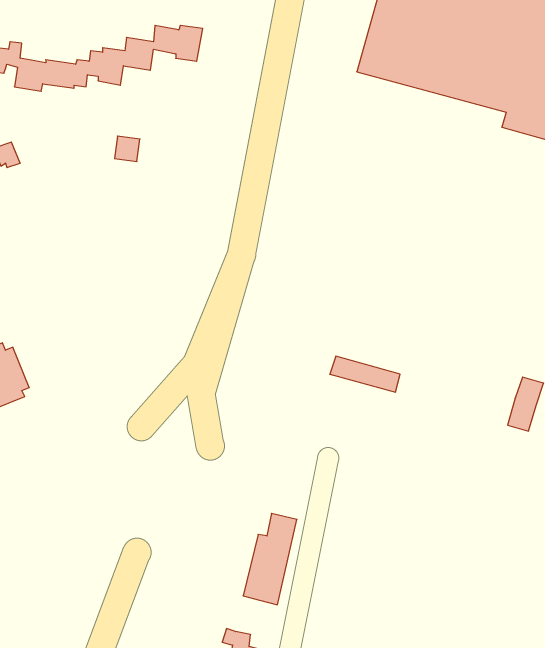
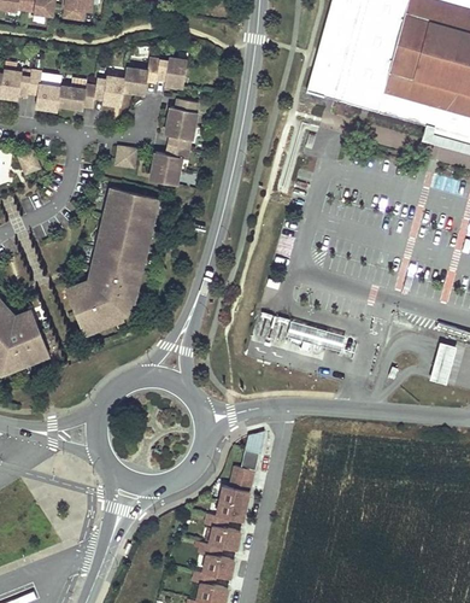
building: none -> [147,98,195,183]
building: none -> [67,188,153,330]
building: none -> [207,515,242,551]

